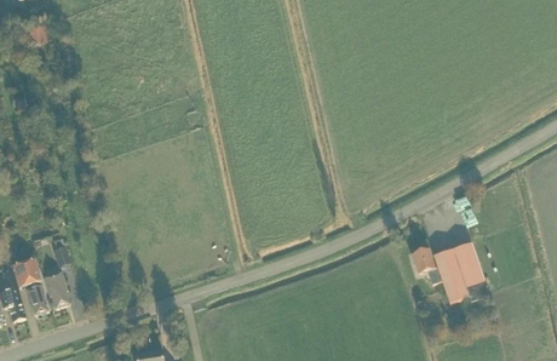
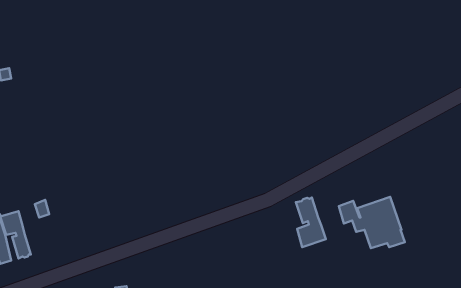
building: none -> [296,197,326,247]
building: [41,270,68,306] -> none

